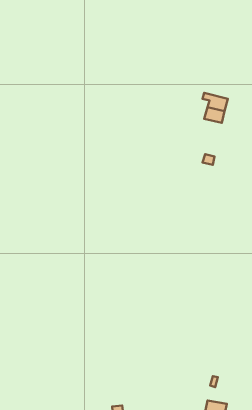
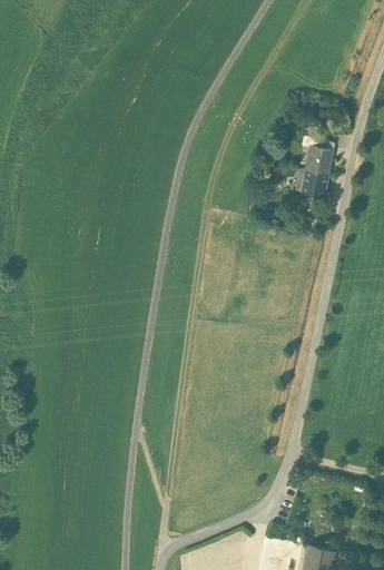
building: none -> [299,171,327,199]

